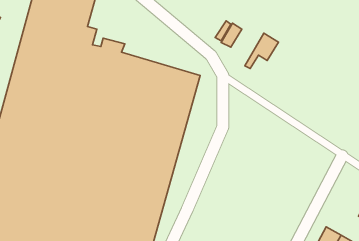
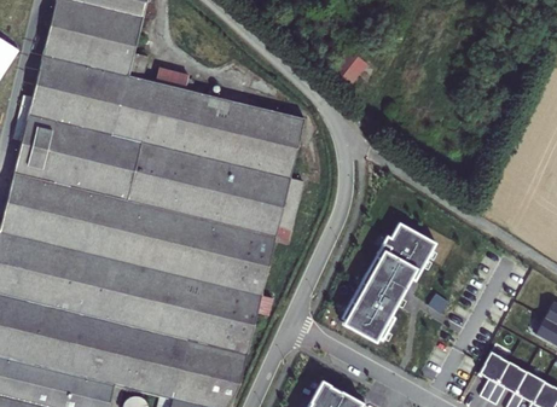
building: [245,33,279,68] -> none
building: none -> [341,223,436,342]

